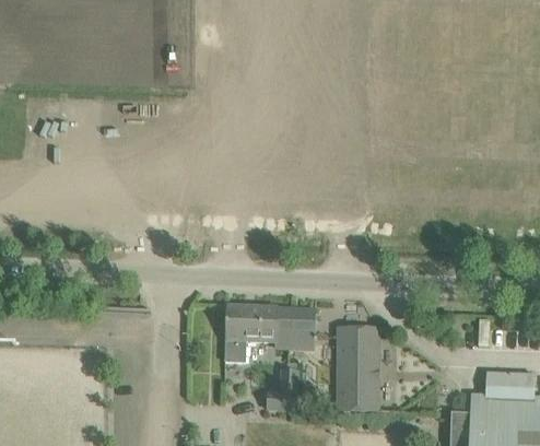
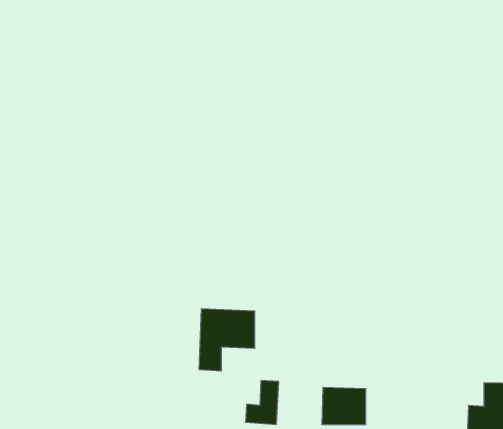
building: [274,305,316,347] -> none
building: [338,334,377,368] -> none

